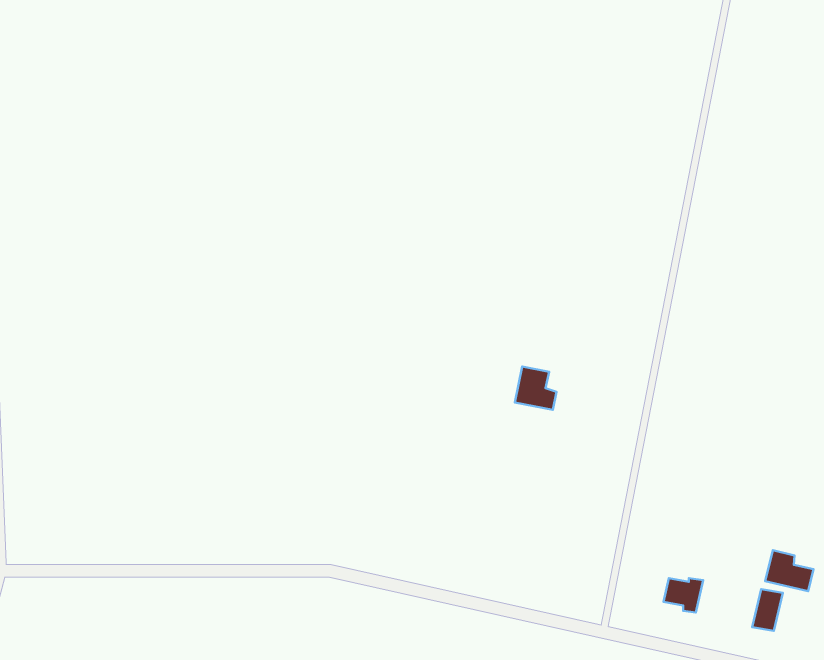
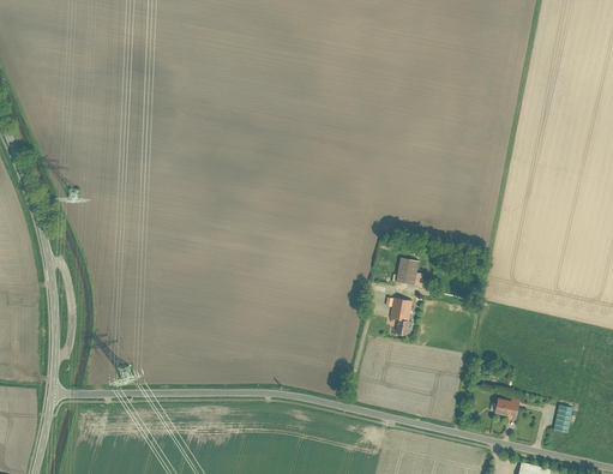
building: none -> [390,299,414,336]
building: [765,550,813,591] -> none

